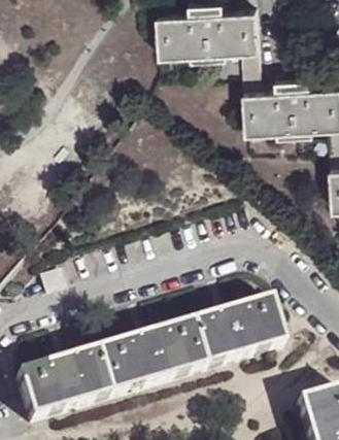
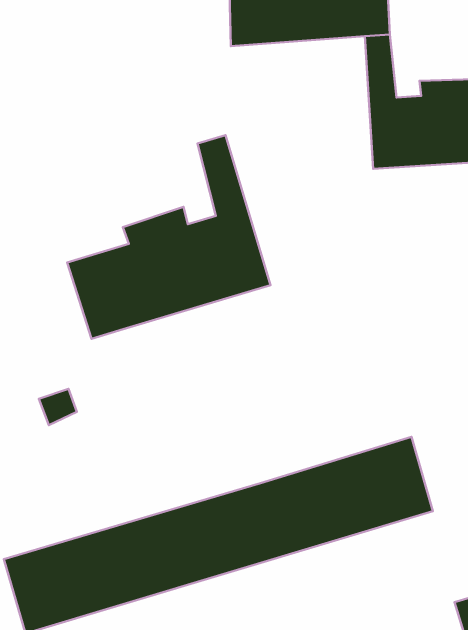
building: none -> [67,135,271,339]

